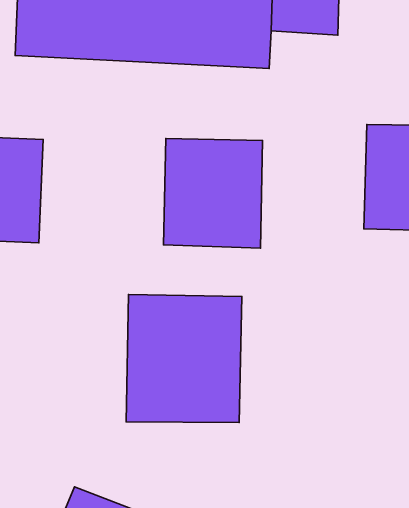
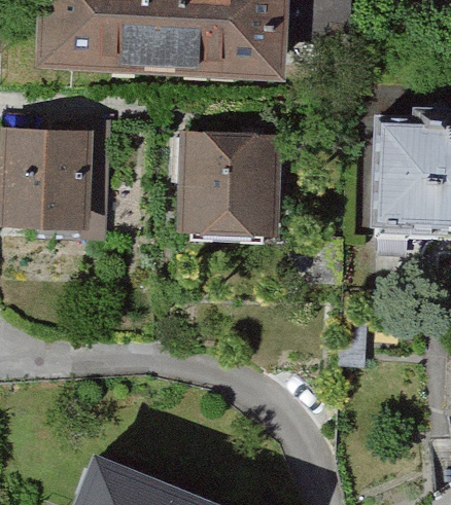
building: none -> [63,120,112,243]
building: [126,294,242,423] -> none

